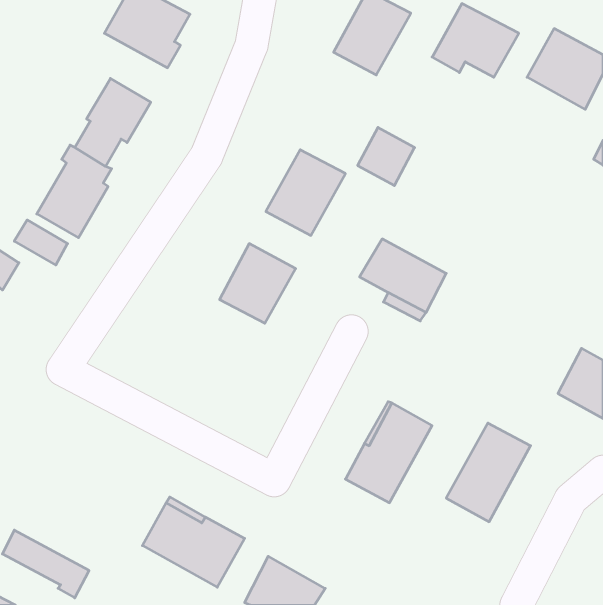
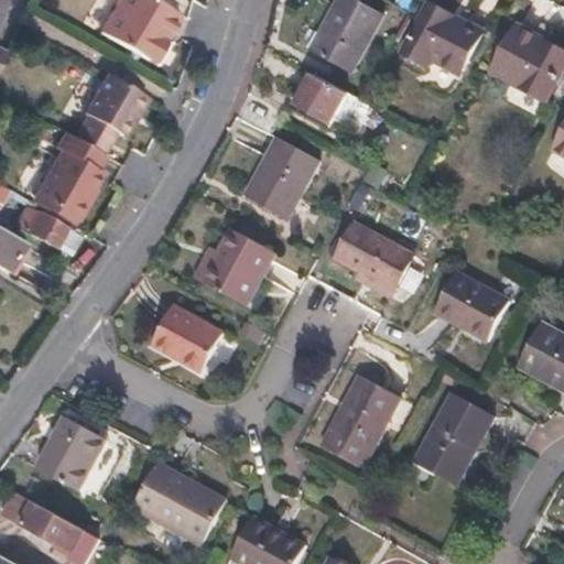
building: [358,127,415,186] -> [294,73,347,127]
building: none -> [436,271,510,338]
building: none -> [152,305,225,371]
building: none -> [34,416,106,490]

